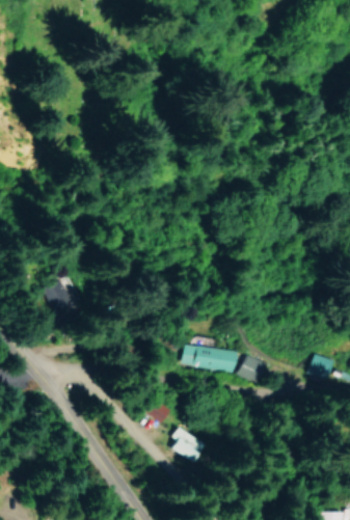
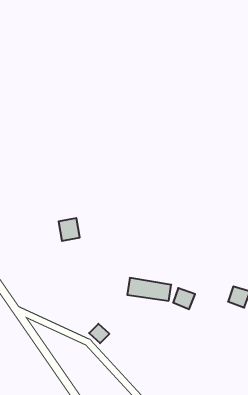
building: [50,282,76,310] -> [59,218,80,241]
building: [165,428,198,463] -> none

